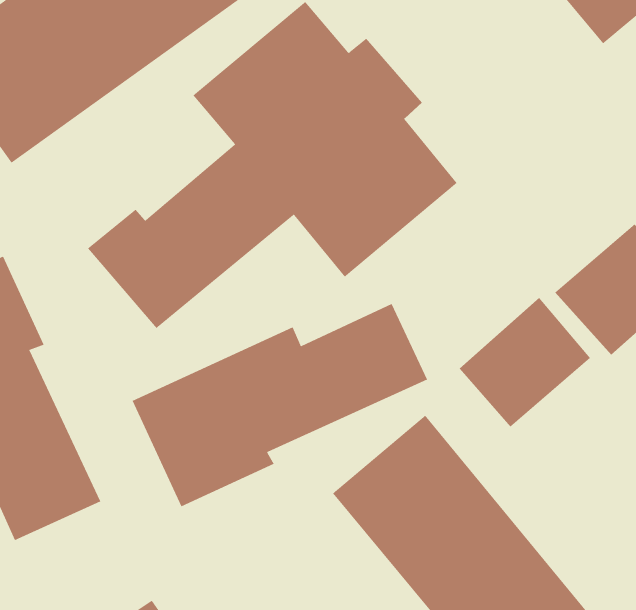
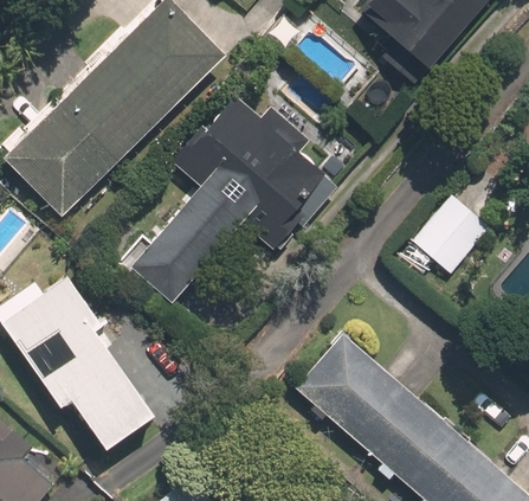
building: [459,297,591,428] -> none
building: [132,303,428,507] -> none

